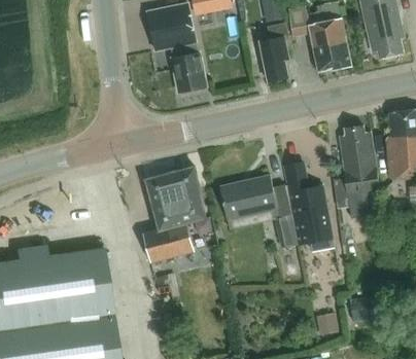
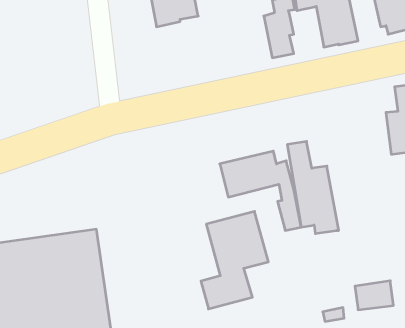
building: [173,42,207,93] -> none
building: [334,125,381,220] -> none
building: [142,165,207,258] -> [201,211,268,309]

